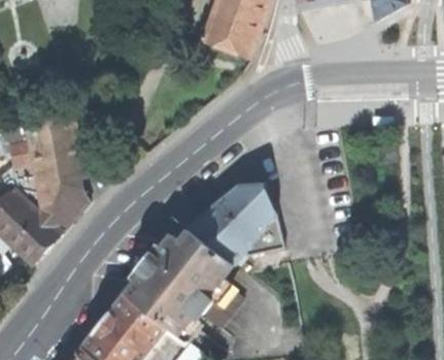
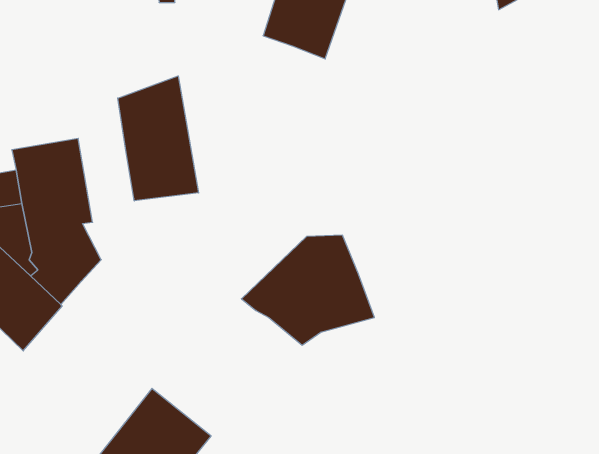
building: none -> [118,76,199,201]
building: [124,230,238,335] -> none

